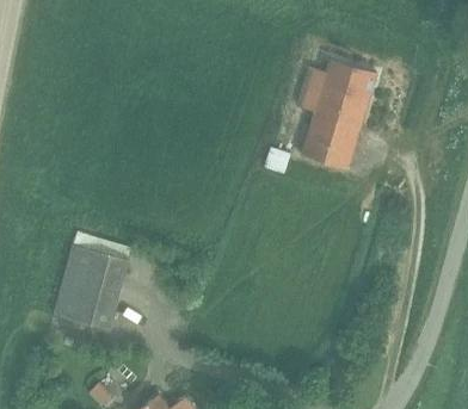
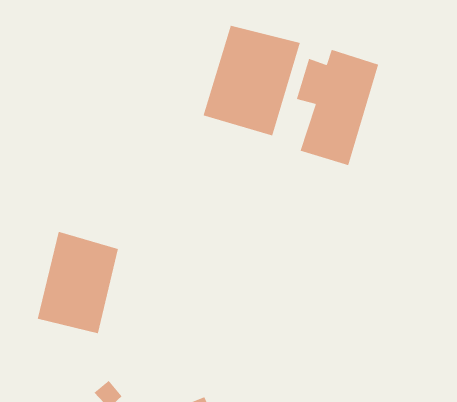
building: none -> [203,25,301,136]

